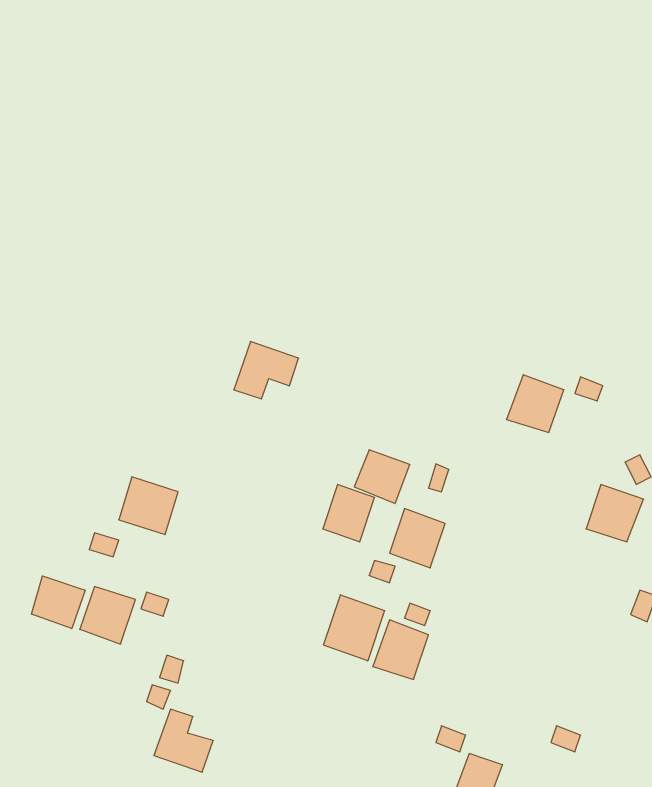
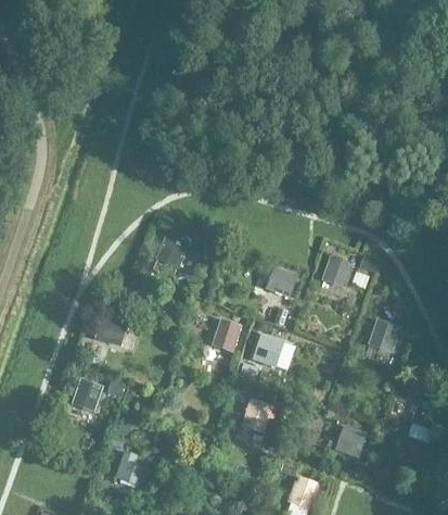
building: [354,450,410,504] -> [265,266,297,298]
building: [32,576,85,629] -> none
building: [324,595,385,661] -> none
building: none -> [334,424,367,459]

